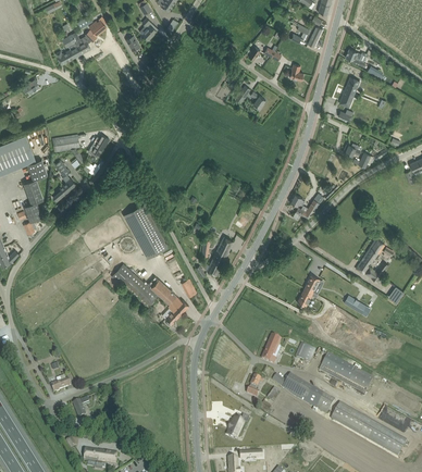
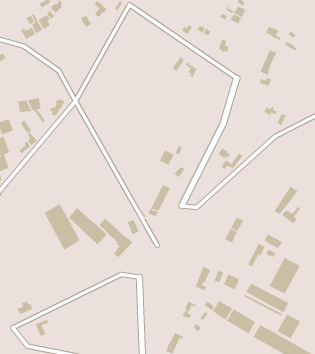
building: [123,202,166,258] -> [44,204,81,250]
building: none -> [269,257,301,295]
building: none -> [277,313,301,339]

